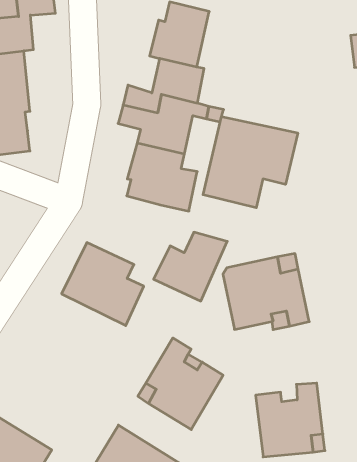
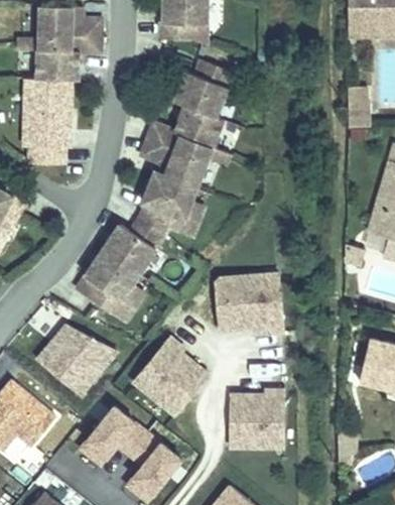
building: [203,117,298,208] -> none
building: [154,232,227,301] -> [104,212,169,270]
building: none -> [36,323,116,393]

